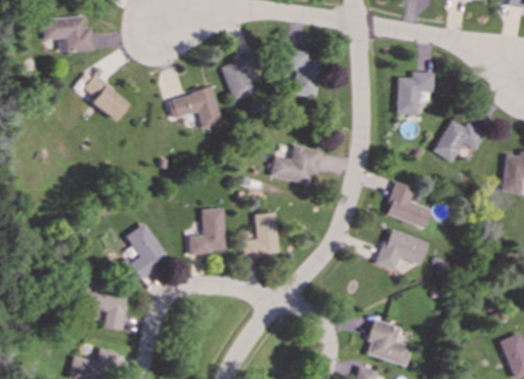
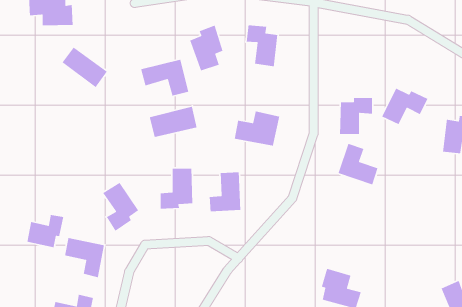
building: [396,73,433,115] -> [339,97,373,135]
building: none -> [149,106,198,138]
building: [375,229,429,271] -> none
building: none -> [27,214,64,248]

